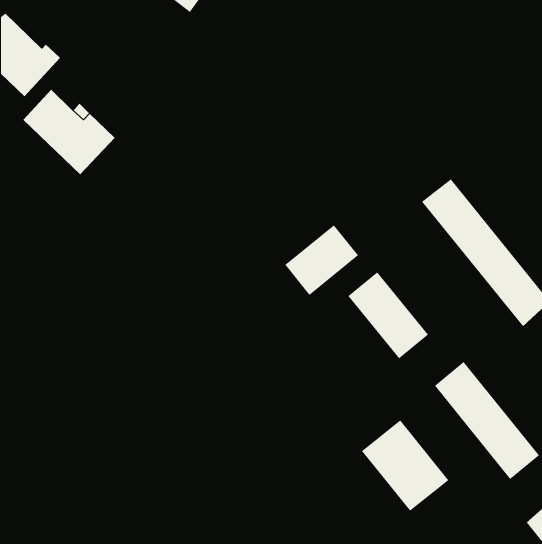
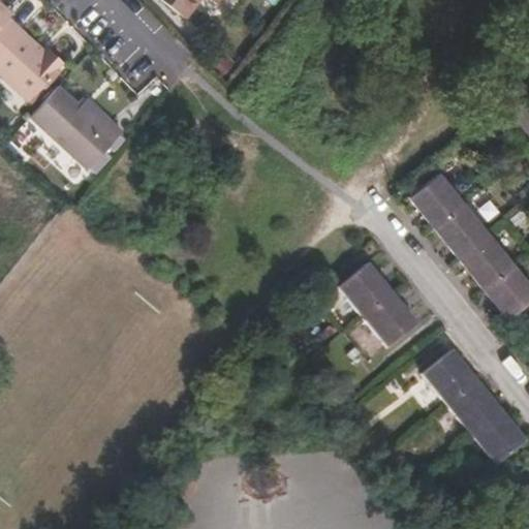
building: [284,224,359,296] -> none
building: [361,420,449,512] -> none

